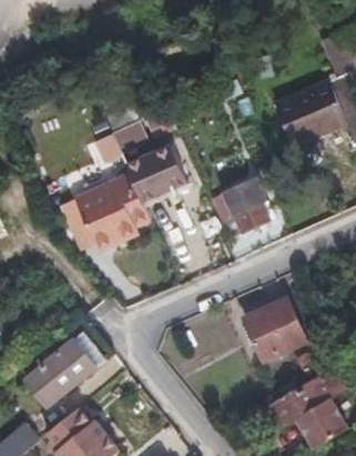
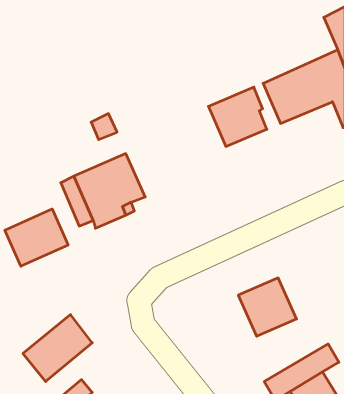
building: [140,142,182,185] -> none
building: [211,175,271,236] -> [208,87,267,146]
building: none -> [5,209,68,266]

